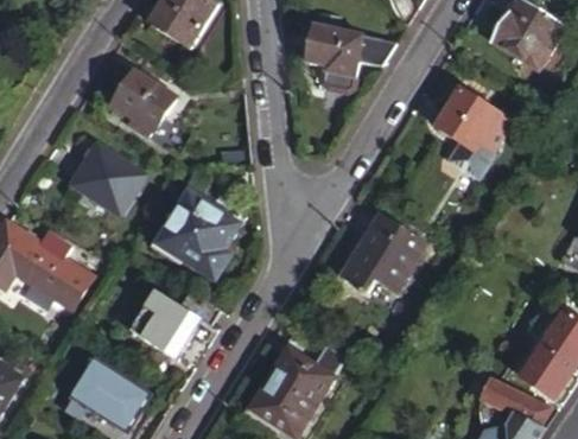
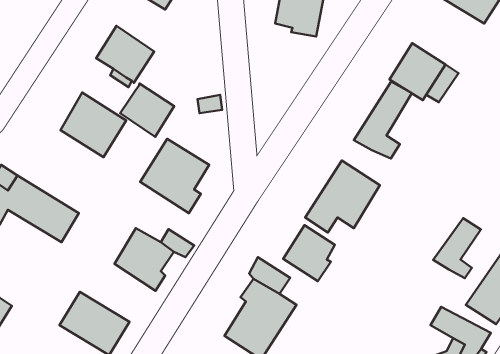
building: none -> [354,82,412,159]
building: none -> [120,83,174,137]
building: none -> [433,218,481,278]
building: none -> [283,225,335,281]

